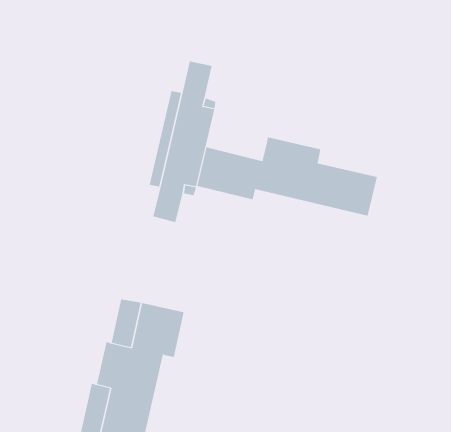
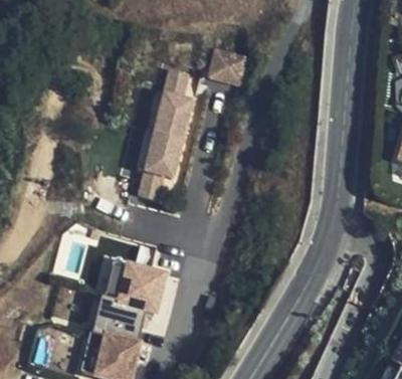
building: none -> [210,45,248,81]
building: [197,136,377,216] -> none

